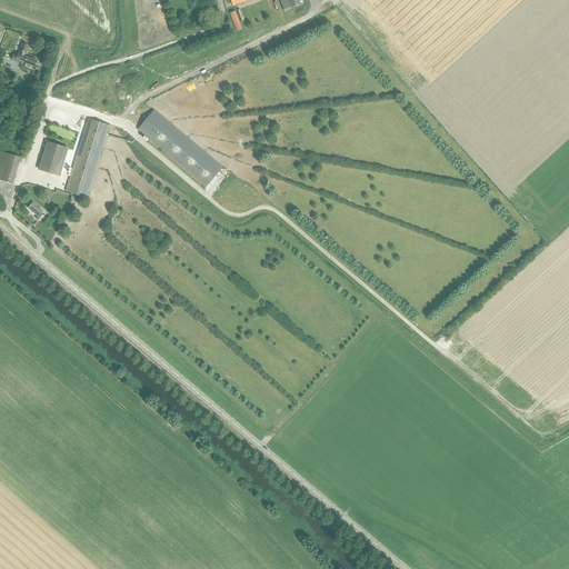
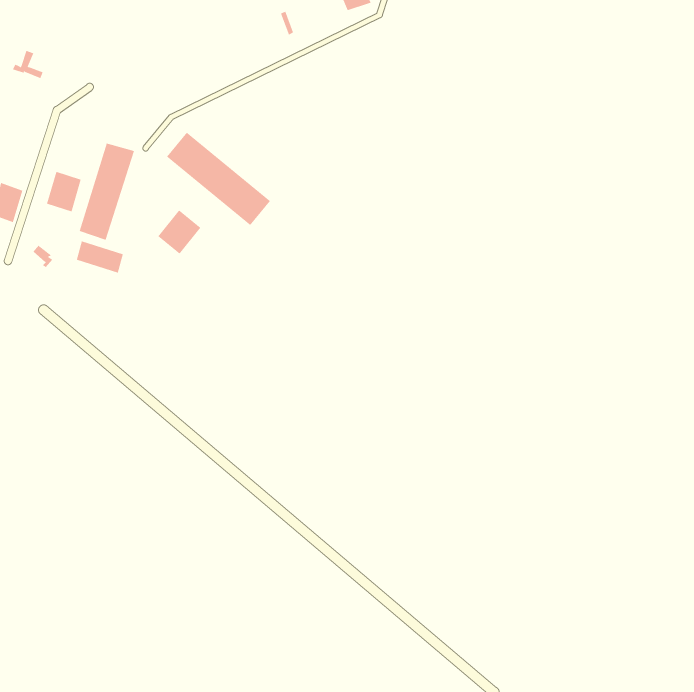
building: none -> [158,210,201,255]
building: none -> [76,240,124,273]

